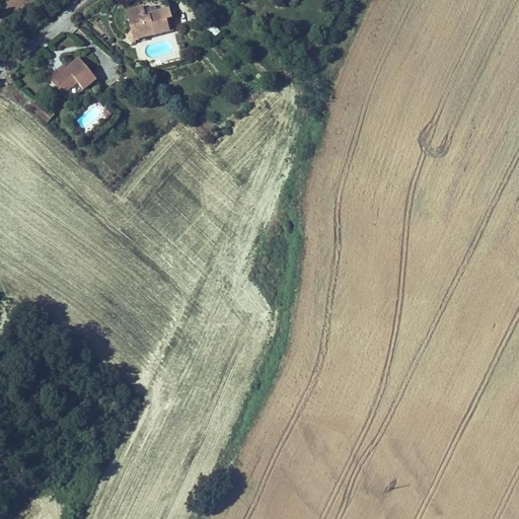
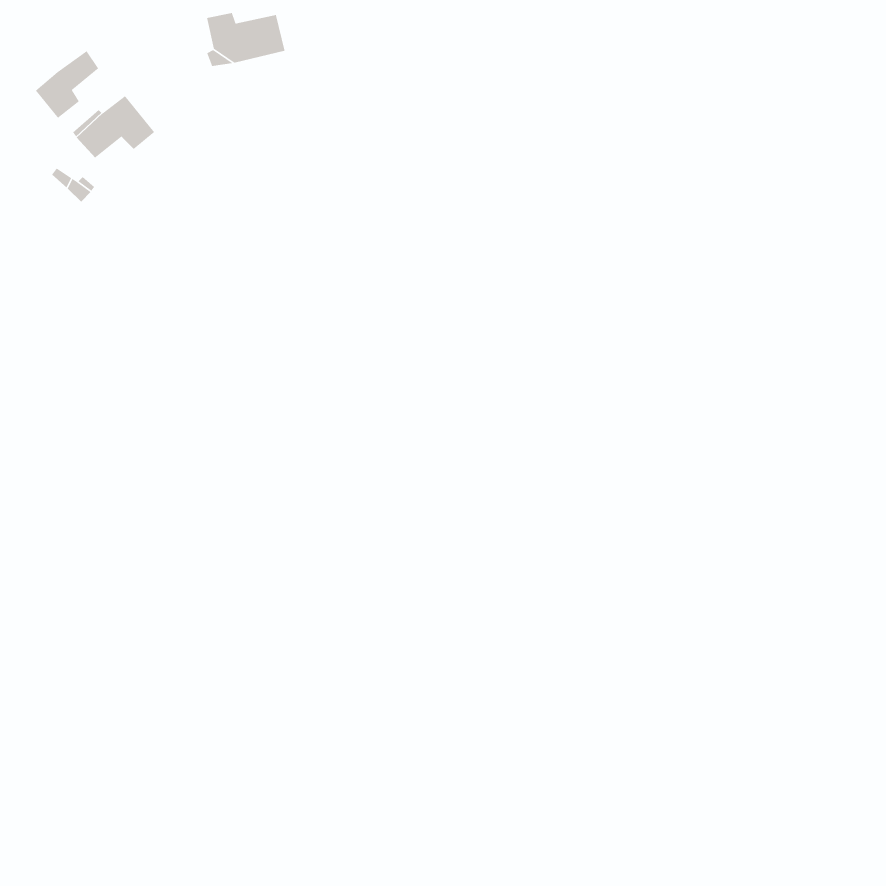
building: none -> [35,50,99,119]

